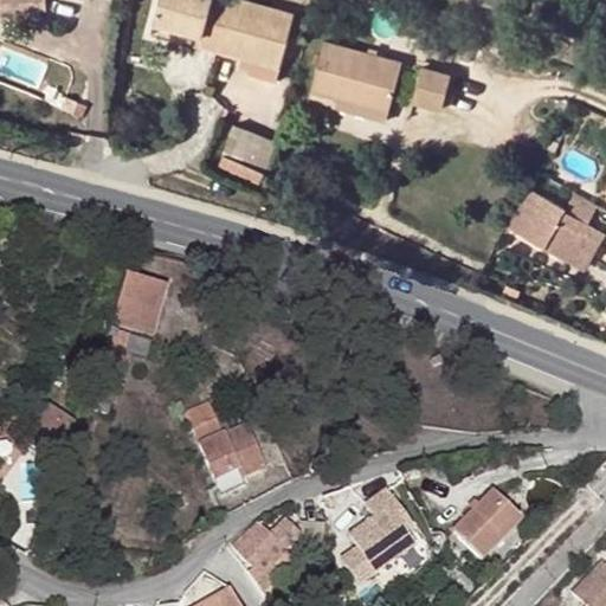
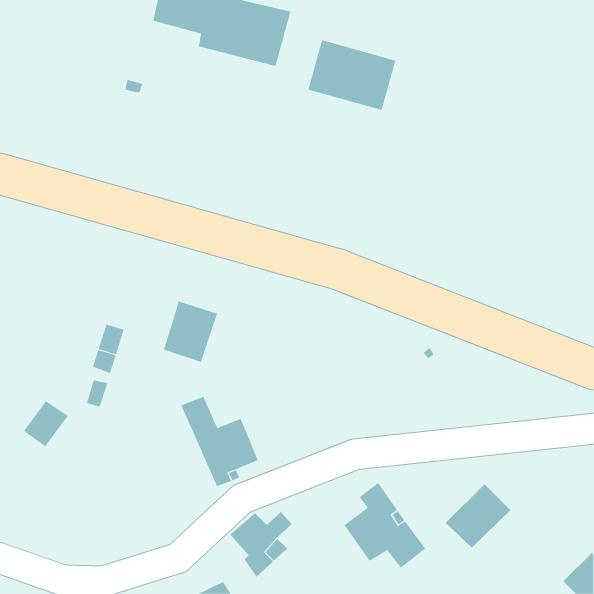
building: [414,67,453,111] -> none
building: [214,122,277,182] -> none
building: [508,188,588,263] -> none
building: [110,273,166,336] -> [163,301,218,363]

